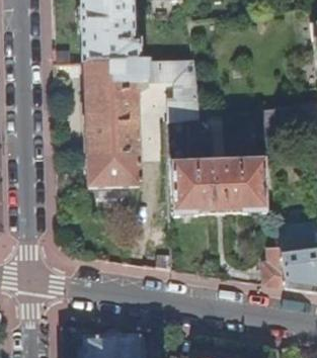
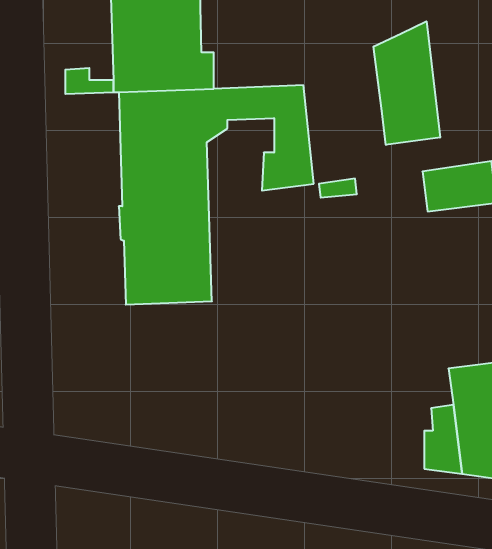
building: none -> [374,21,440,145]
building: [173,161,266,215] -> none

